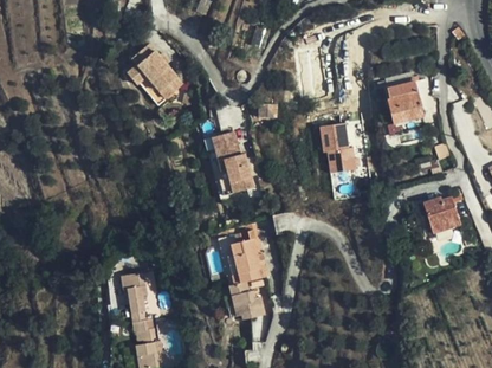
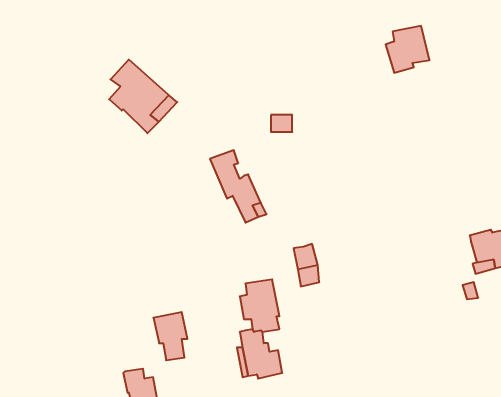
building: [387,82,423,121] -> [386,26,430,73]
building: [321,118,357,168] -> none
building: [125,275,154,315] -> [153,312,187,360]

